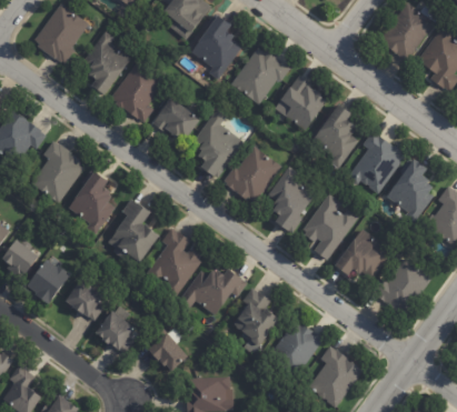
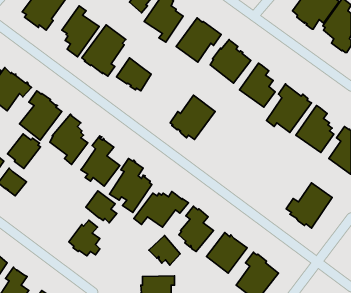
building: [191,108,240,177] -> none
building: [270,168,319,234] -> none
building: [304,193,358,259] -> none
building: [332,229,393,279] -> none
building: [27,259,69,303] -> [7,134,40,168]
building: [63,280,103,321] -> [86,191,117,223]
building: [148,332,188,370] -> [149,236,180,265]

